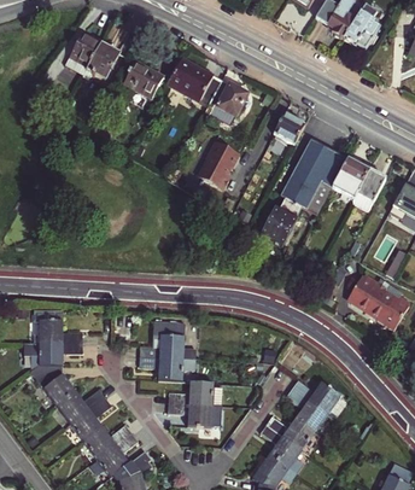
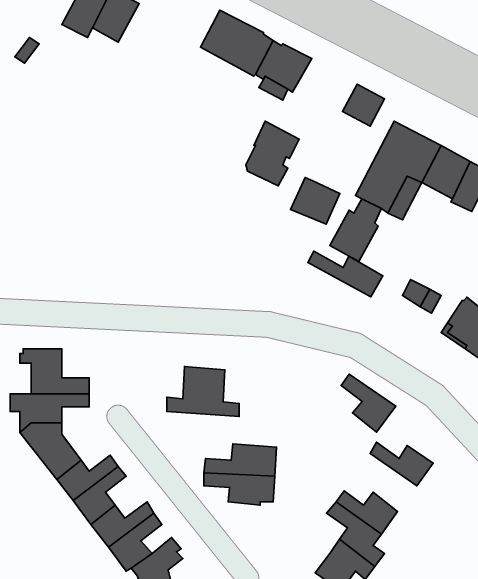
building: [123,60,163,98] -> none
building: none -> [290,177,340,224]
building: none -> [308,251,383,297]
building: [139,357,194,381] -> none
building: [286,389,327,432] -> [341,374,396,432]

